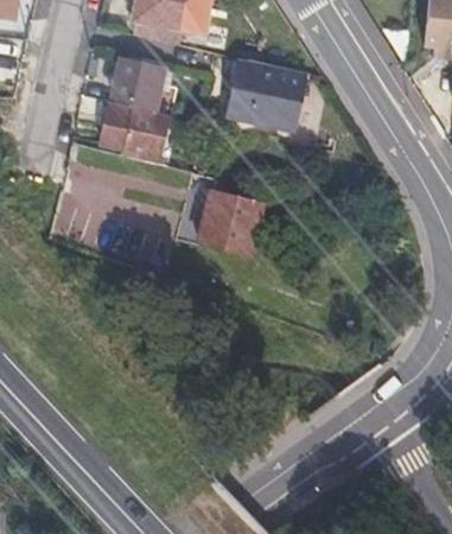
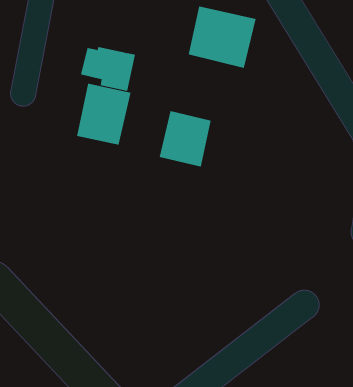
building: [113,59,166,116] -> none
building: none -> [76,83,131,145]

